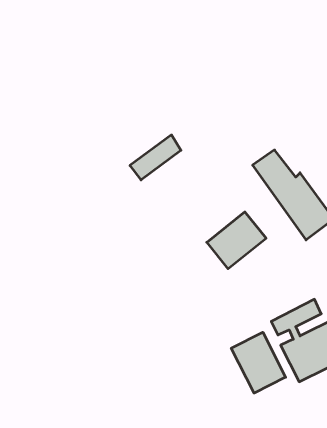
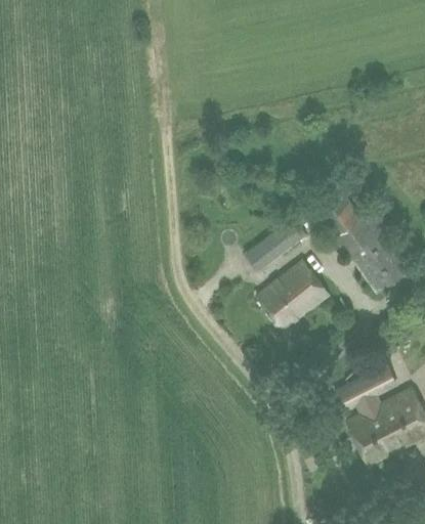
building: [130,135,181,180] -> [245,216,306,270]
building: [231,332,286,393] -> none

